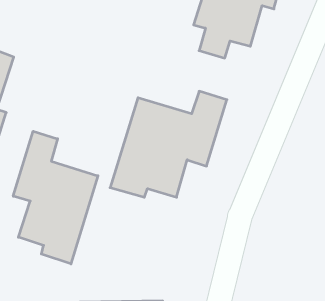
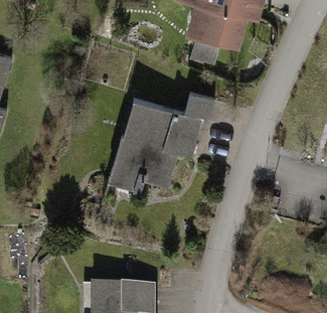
building: [13,131,98,264] -> none

